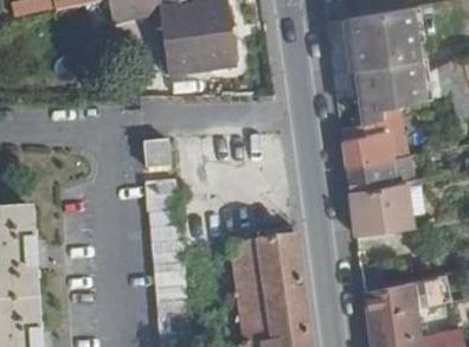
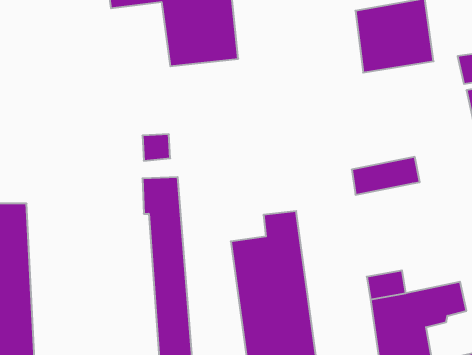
building: [353,69,424,127] -> none
building: [339,133,401,171] -> none
building: [346,184,405,239] -> none

